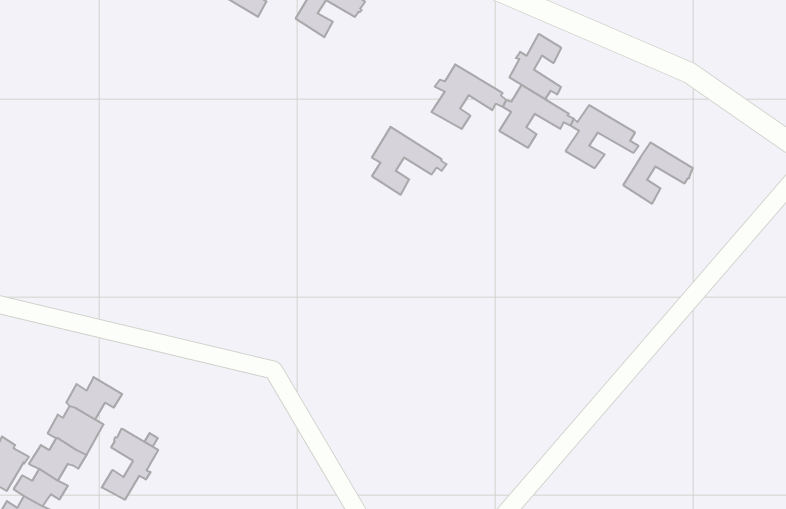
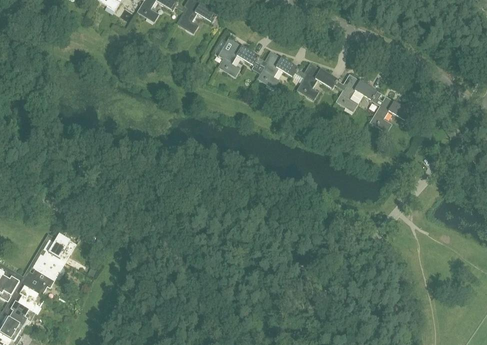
building: [510,34,561,99] -> none
building: [372,127,447,195] -> [217,36,261,76]
building: [102,429,158,500] -> none

